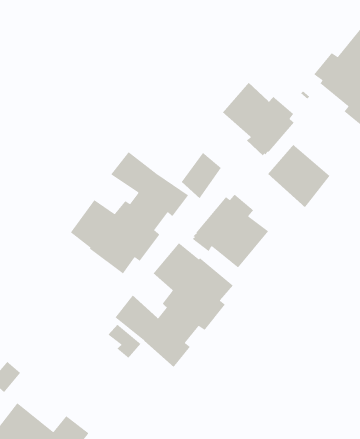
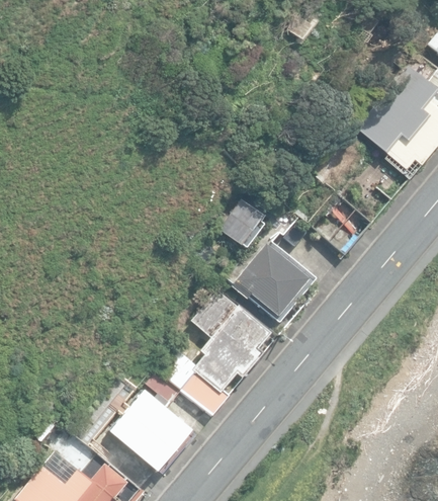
building: [222,82,295,156] -> none
building: [70,151,189,275] -> none
building: none -> [108,392,190,469]

